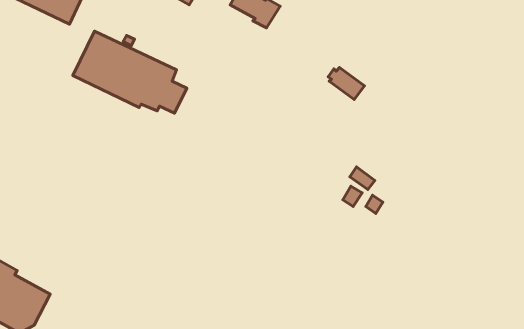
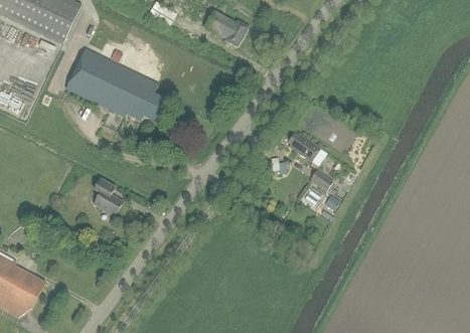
building: [328,68,365,100] -> [288,132,320,160]
building: none -> [93,178,122,215]

